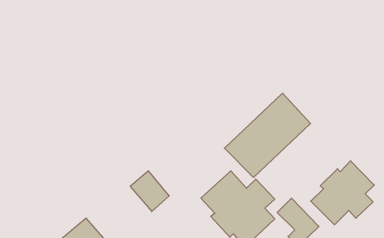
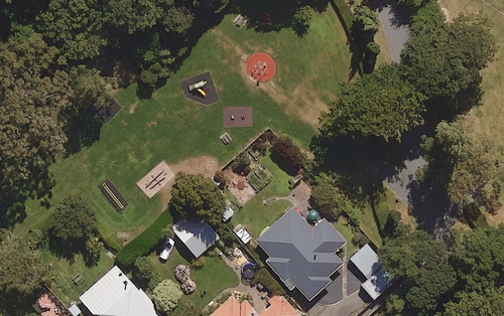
building: [224,93,311,177] -> none
building: [311,161,374,225] -> none

